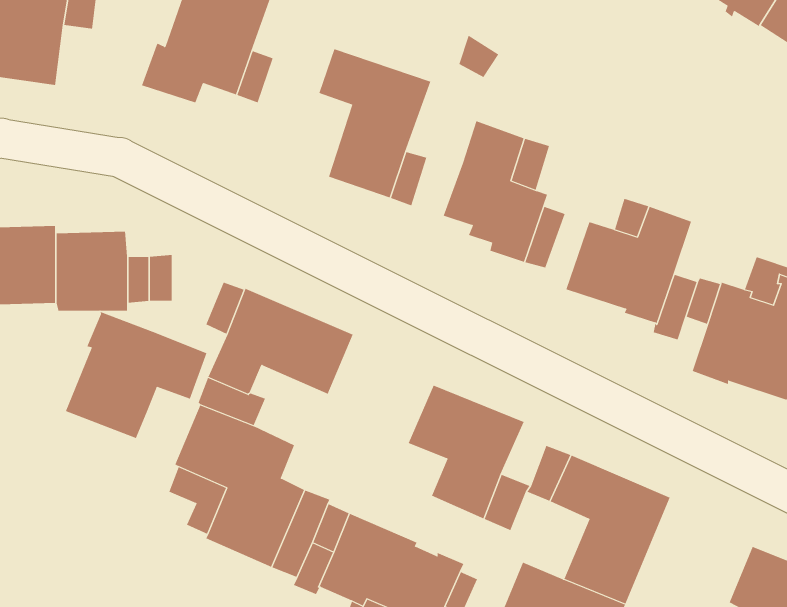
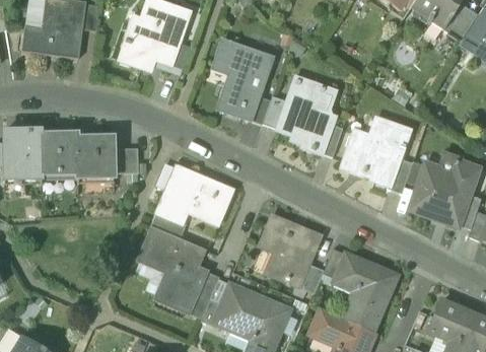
building: none -> [263,94,289,128]
building: [65,311,207,439] -> none

